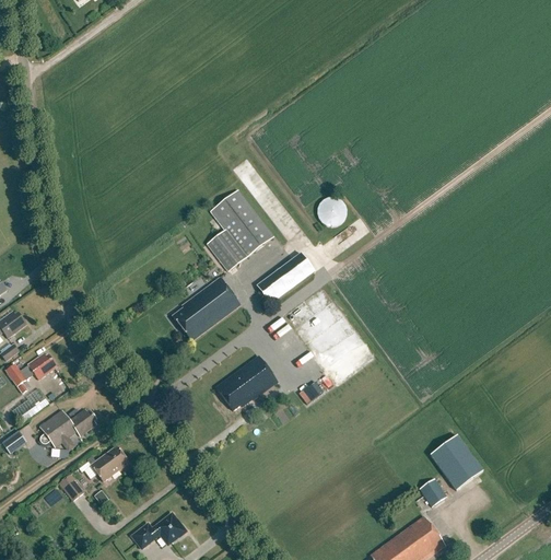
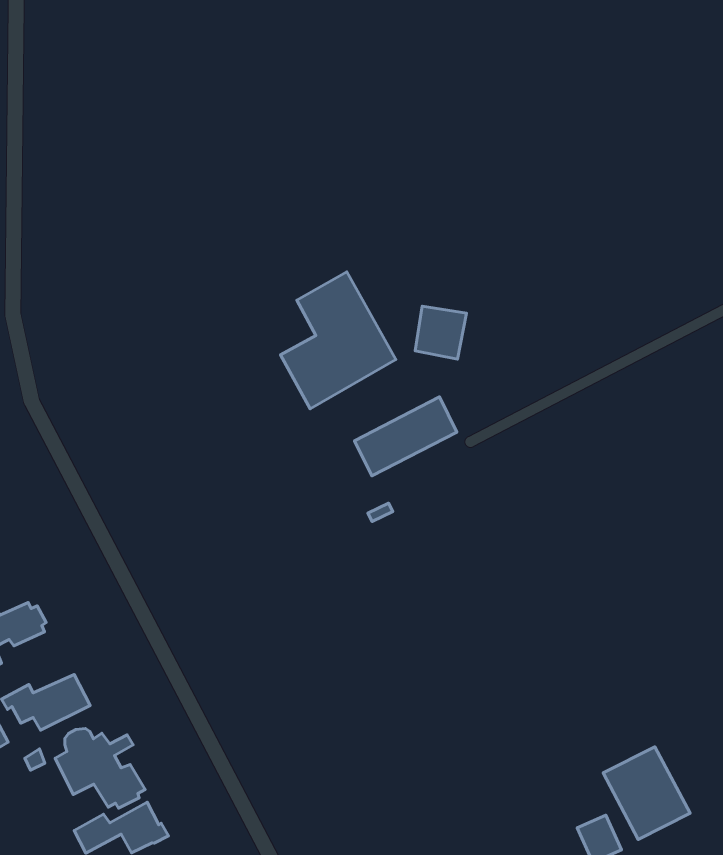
building: [319,198,345,225] -> [415,306,467,359]
building: [173,278,239,341] -> none
building: [214,357,277,411] -> none
building: none -> [55,728,145,808]

